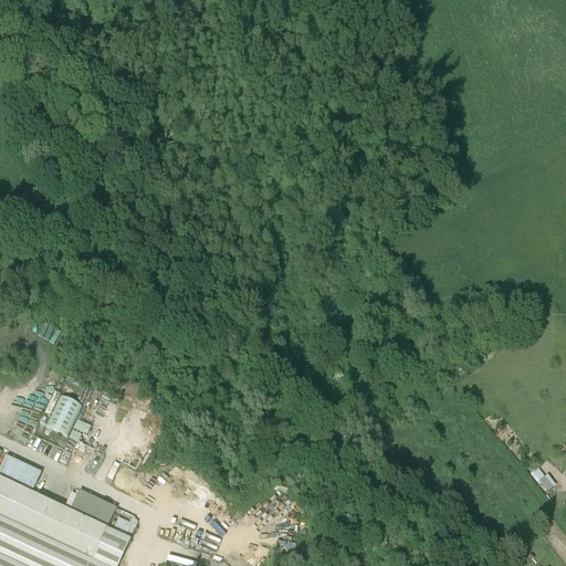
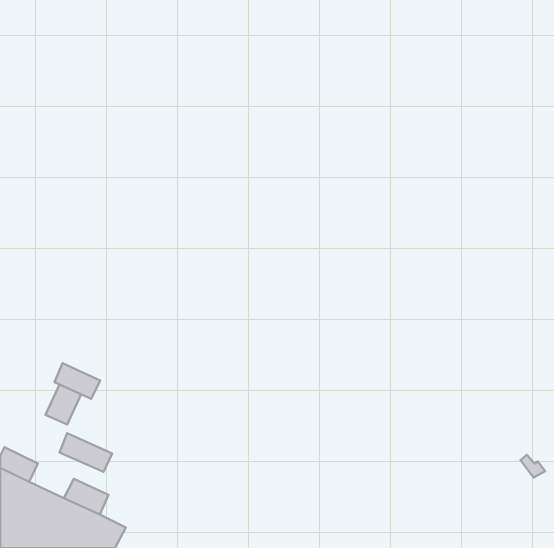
building: none -> [55,363,100,399]
building: none -> [60,433,112,472]

